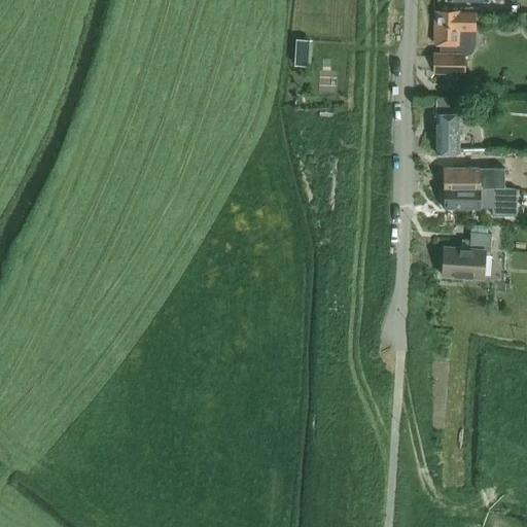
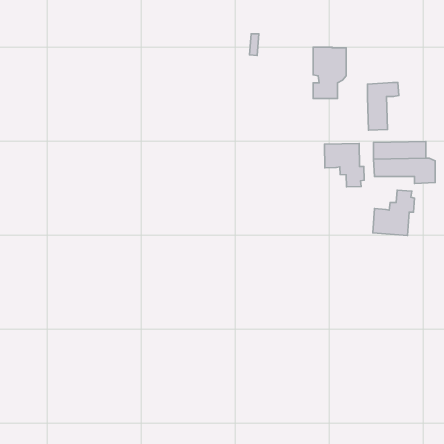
building: [434,12,473,73] -> [313,47,346,98]
building: none -> [325,144,364,187]

